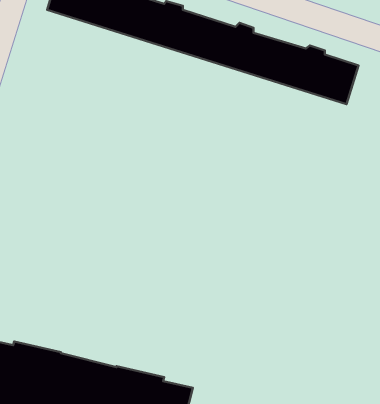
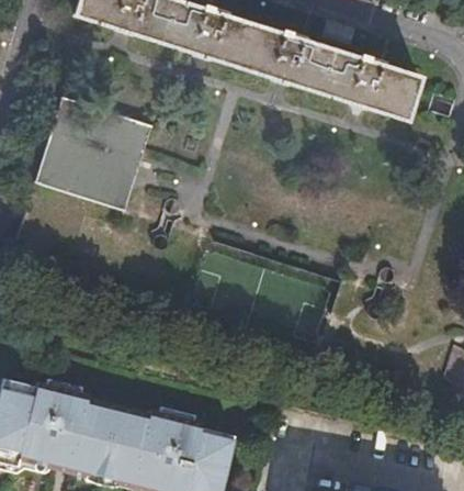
building: none -> [41,94,152,197]

